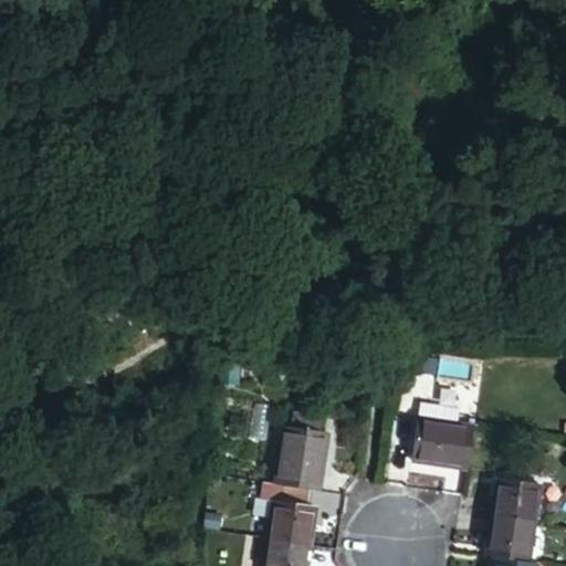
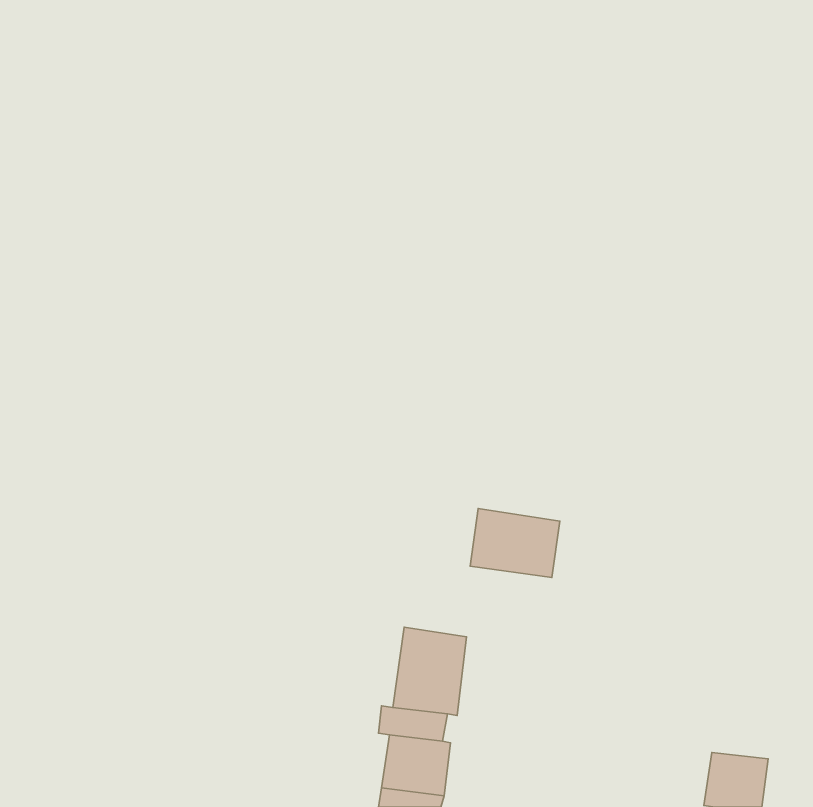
building: [415,421,476,469] -> [470,508,560,577]
building: [495,484,539,523] -> none

